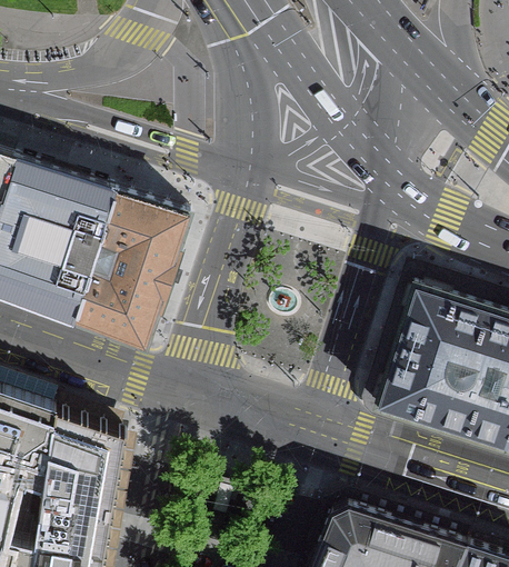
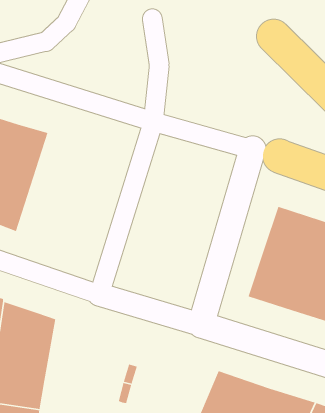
building: [73,191,191,349] -> none

